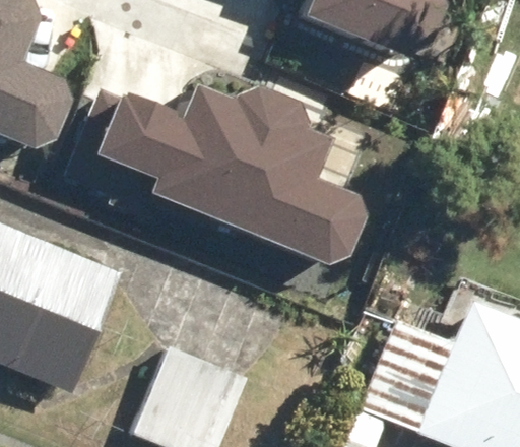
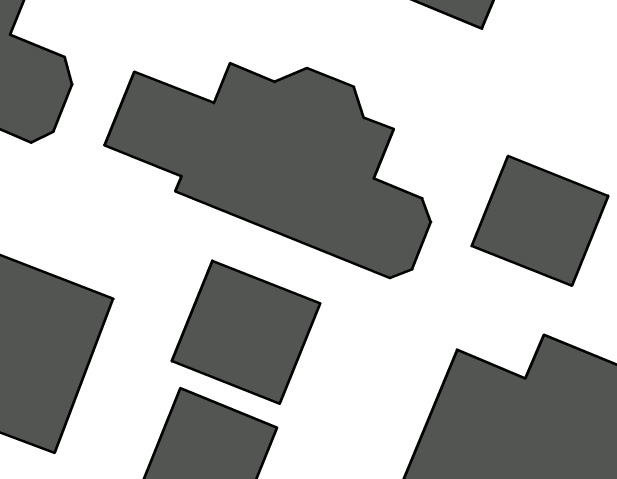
building: none -> [472,156,608,286]
building: none -> [172,261,320,404]

